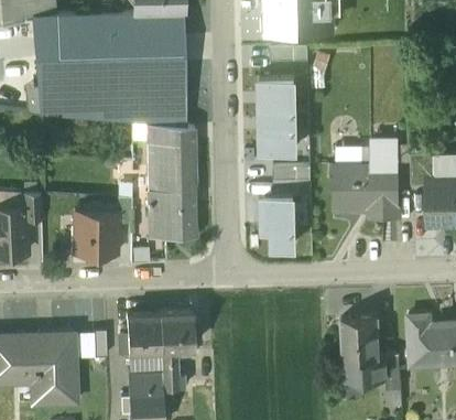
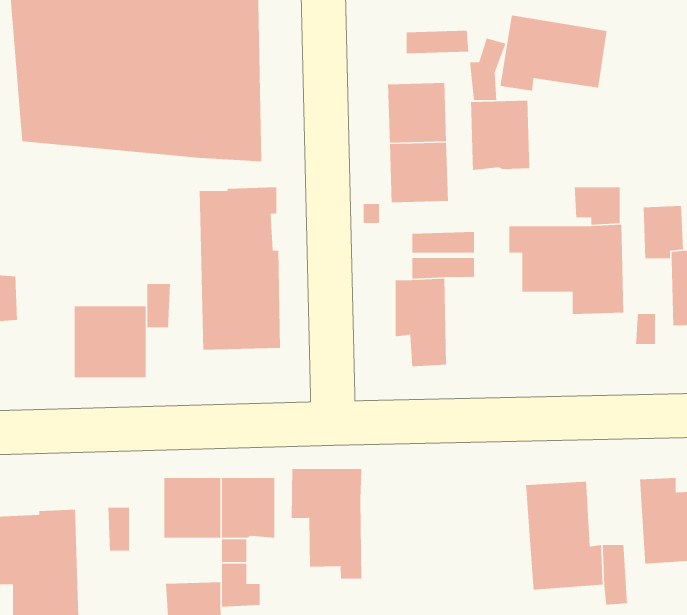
building: none -> [500,15,608,91]
building: none -> [470,100,530,171]
building: [148,126,195,144] -> none
building: none -> [291,468,362,580]

